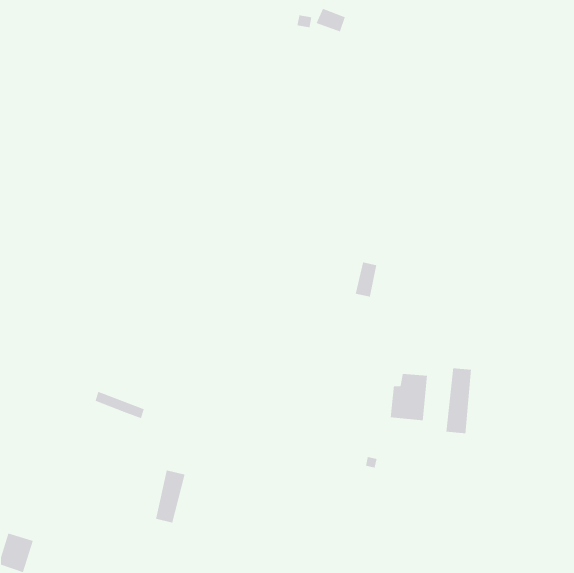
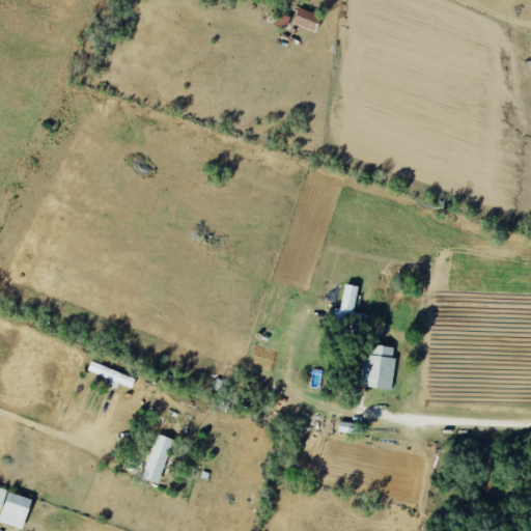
building: [355,262,377,298] -> [337,283,358,316]
building: [446,368,472,434] -> none

